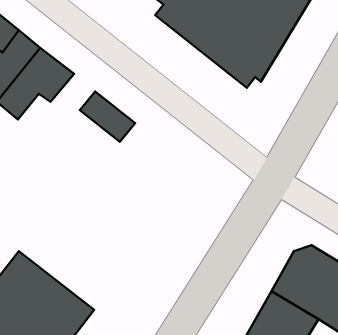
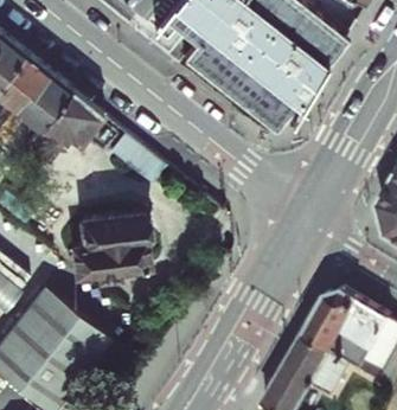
building: none -> [72,211,149,282]

